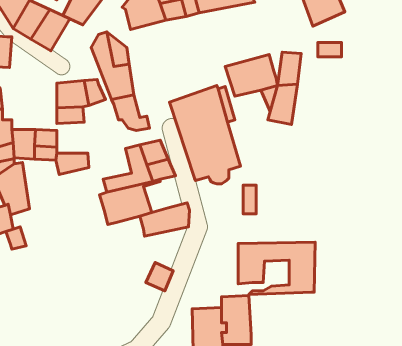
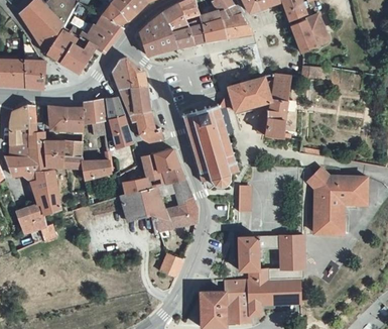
building: none -> [49,106,84,129]
building: none -> [111,115,133,149]
building: none -> [307,167,367,233]
building: none -> [171,180,195,207]
building: none -> [247,279,300,315]

